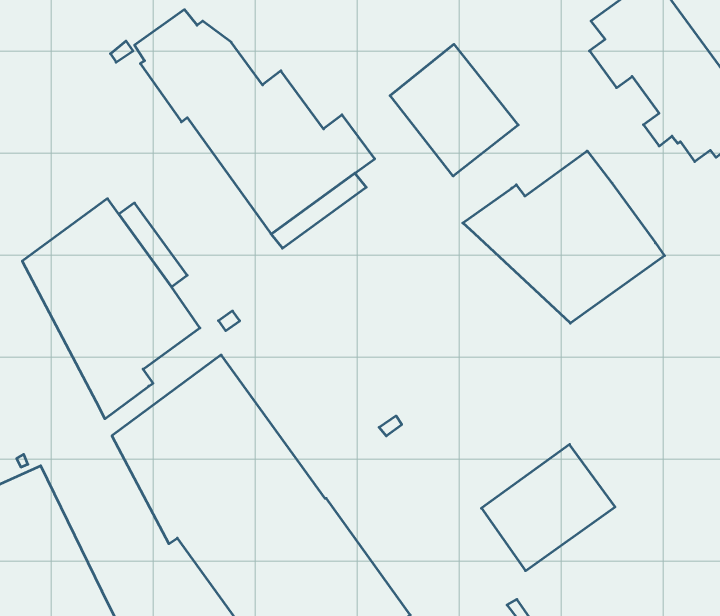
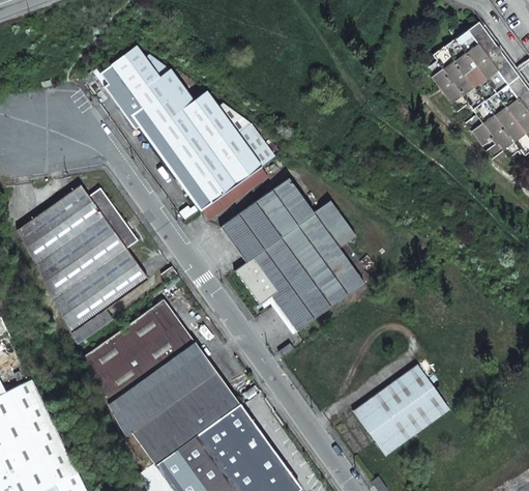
building: [390,44,518,176] -> none
building: [463,151,665,323] -> none
building: none -> [221,178,362,331]

